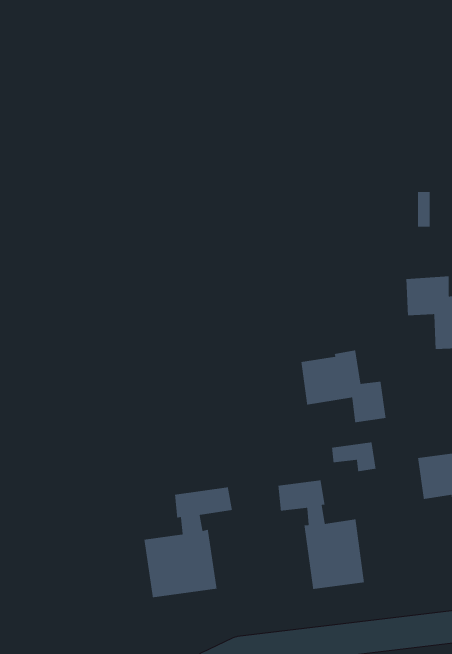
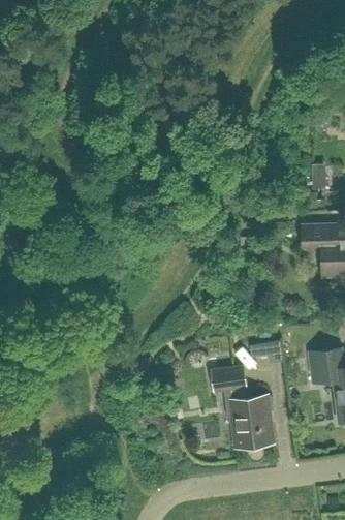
building: [301,350,386,423] -> none
building: [144,486,233,598] -> none

